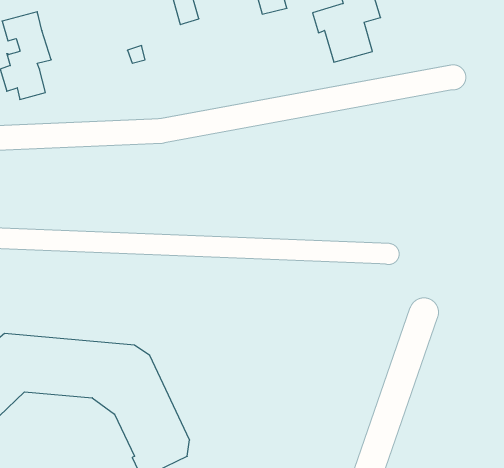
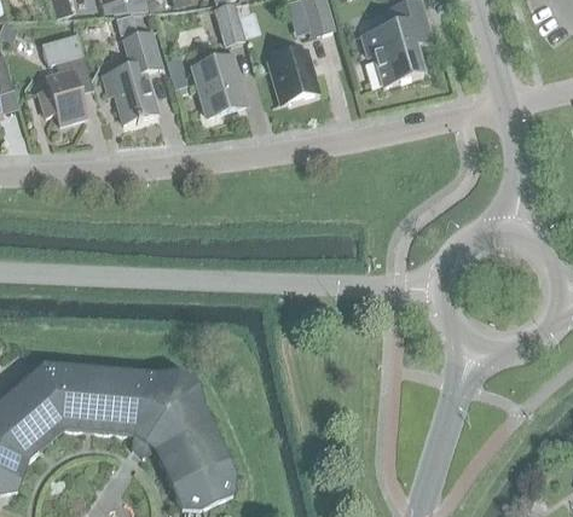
building: none -> [102,30,161,122]
building: none -> [270,50,316,100]
building: none -> [191,56,244,114]

